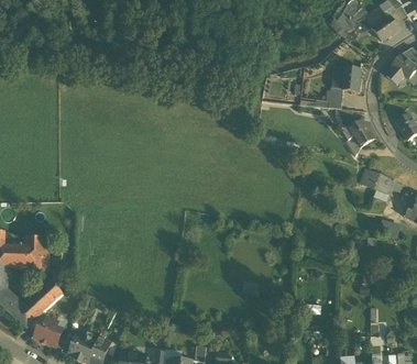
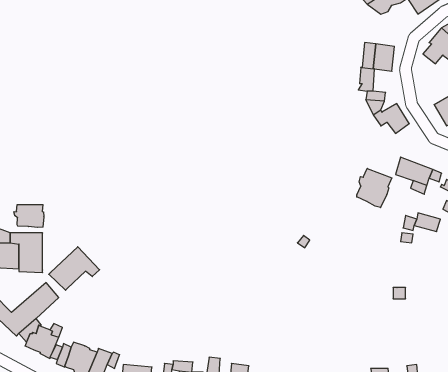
building: none -> [357,168,392,208]
building: none -> [14,205,44,227]
building: none -> [49,247,100,290]

